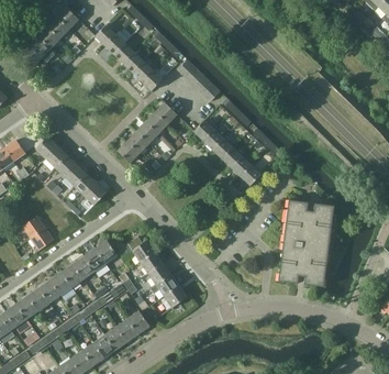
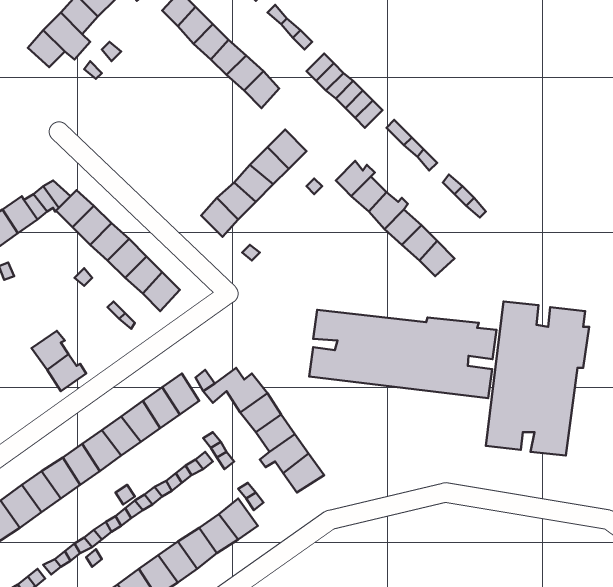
building: none -> [309,310,497,398]

